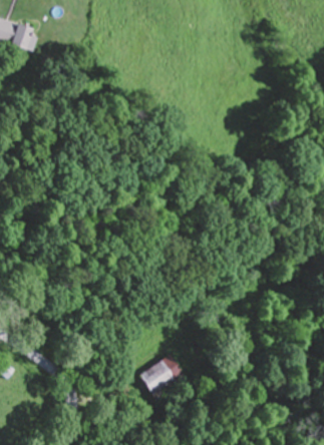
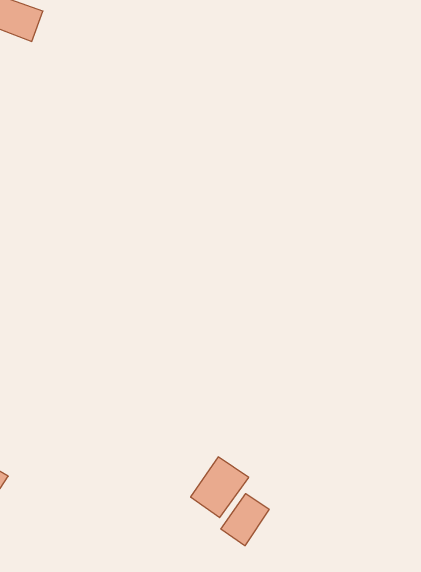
building: none -> [221,494,269,546]

